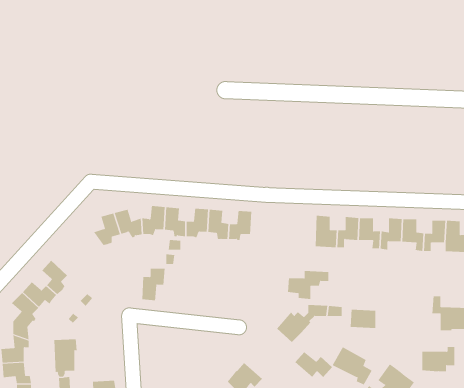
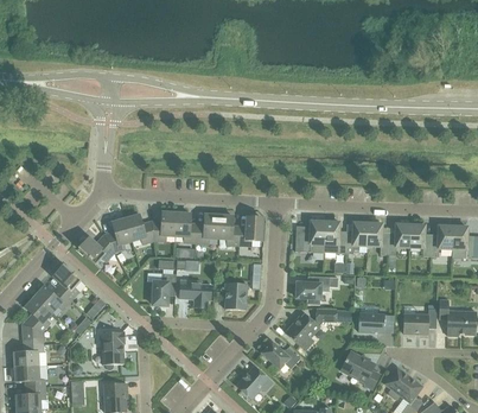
building: none -> [294,220,324,250]
building: none -> [77,236,114,262]
building: none -> [178,279,210,306]
building: none -> [224,281,246,309]
building: [53,339,78,377] -> [101,330,125,368]
building: [421,346,455,372] -> [402,307,435,332]
building: [294,351,333,378] -> [261,341,299,367]

